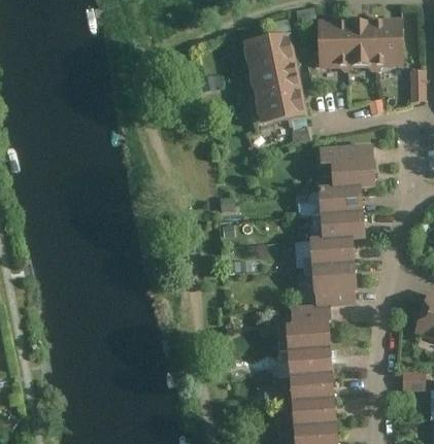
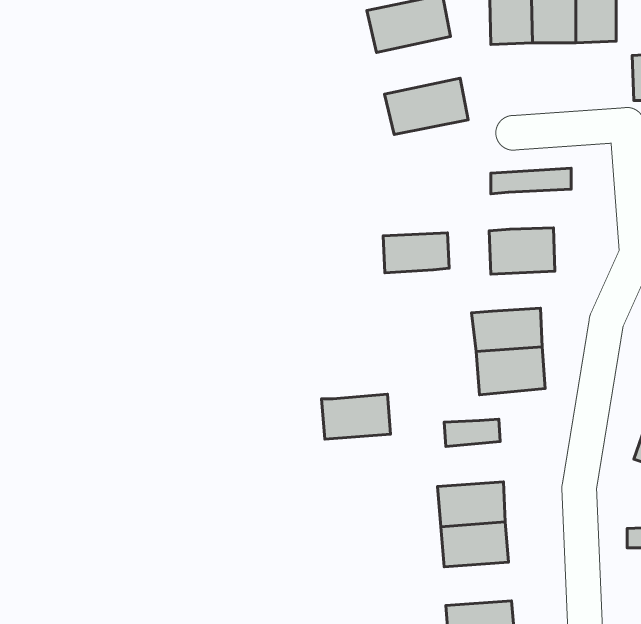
building: [247,62,301,99] -> none
building: [332,160,373,185] -> none
building: [321,212,363,238] -> [383,233,449,273]
building: [313,287,358,308] -> none
building: [285,321,329,350] -> [322,394,391,439]
building: [291,399,334,426] -> none

